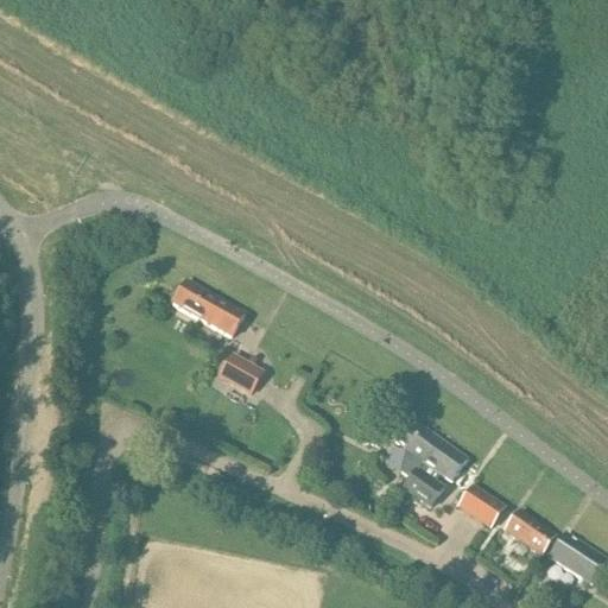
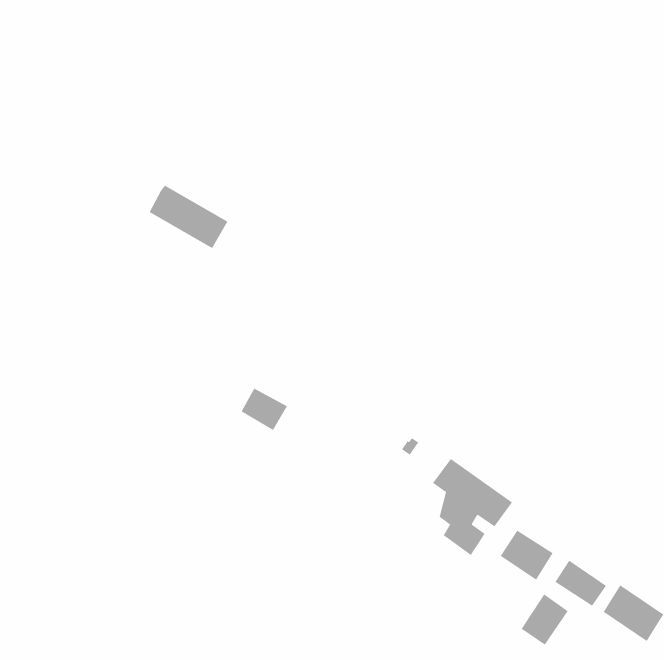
building: [172,279,245,337] -> [149,185,228,249]
building: none -> [521,593,569,645]

